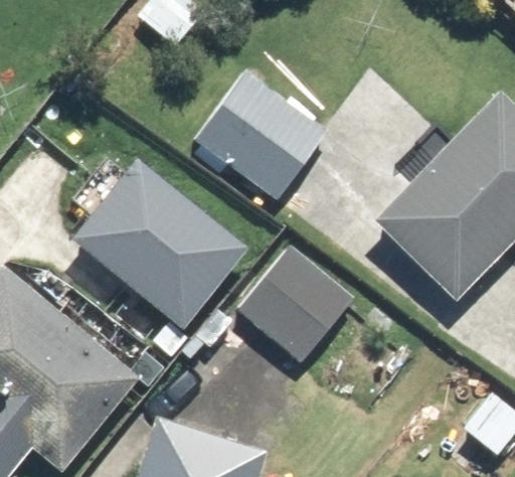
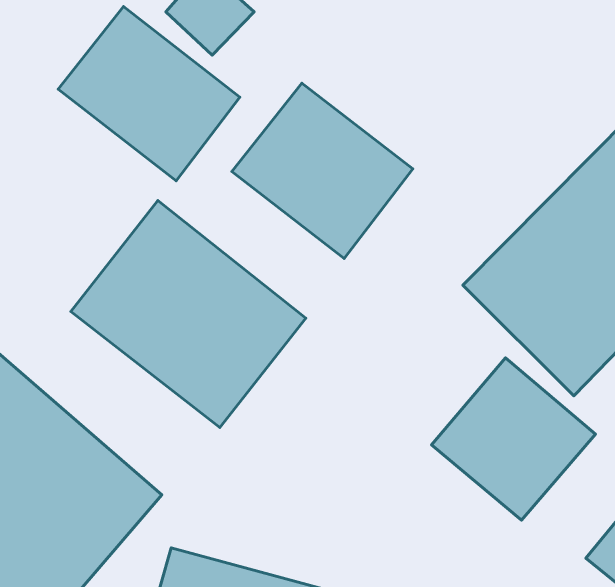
building: none -> [58,6,240,181]
building: [235,244,360,367] -> [432,358,595,520]

